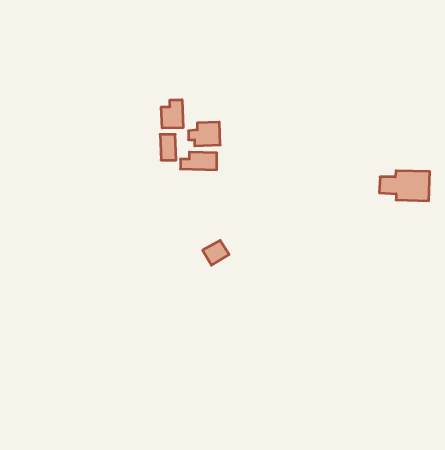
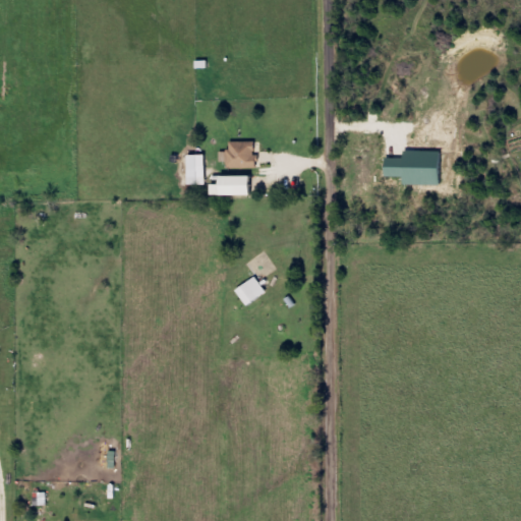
building: [161,100,183,128] -> none
building: [379,171,430,201] -> [382,151,440,185]

